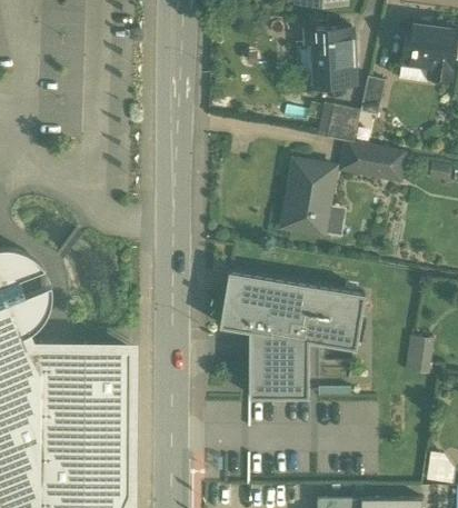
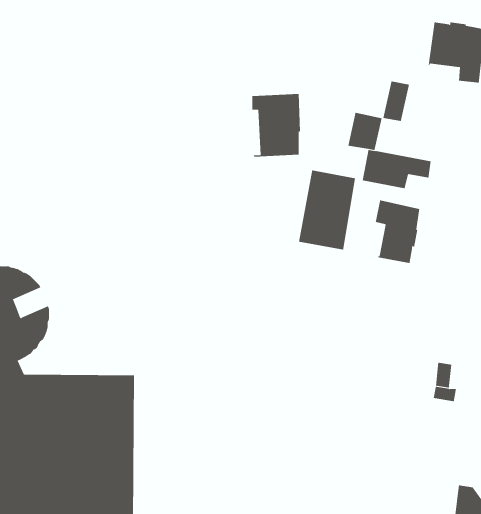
building: [307,29,352,88] -> [252,93,301,157]
building: none -> [375,199,420,264]
building: [220,272,362,398] -> none

